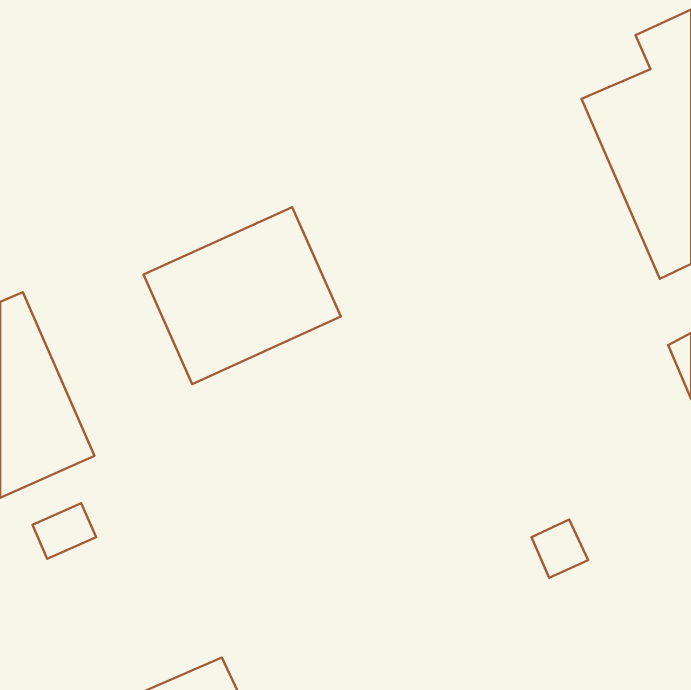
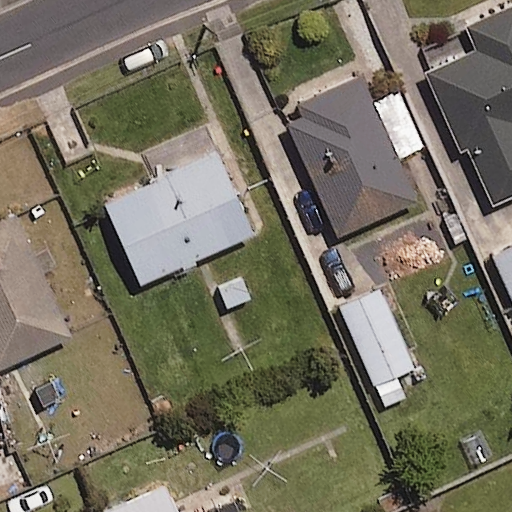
building: none -> [282,78,415,237]
building: none -> [345,293,413,385]

